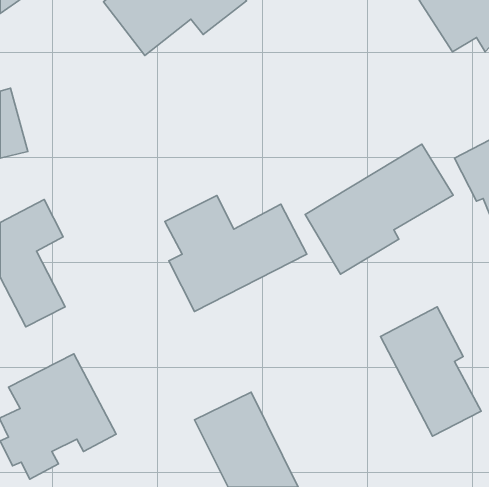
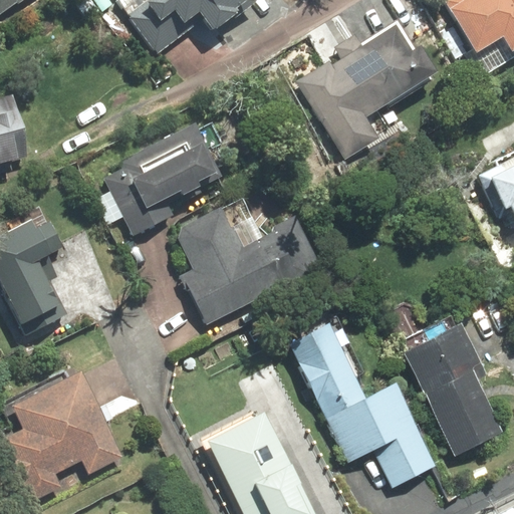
building: none -> [295,19,436,160]
building: none -> [97,119,220,238]
building: [305,144,453,274] -> none
building: none -> [285,319,437,489]

